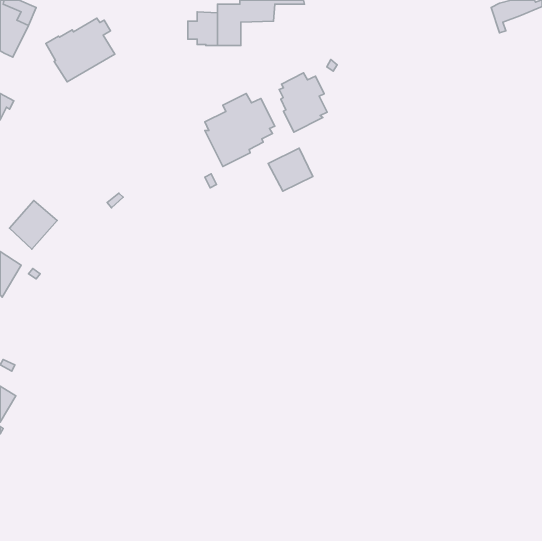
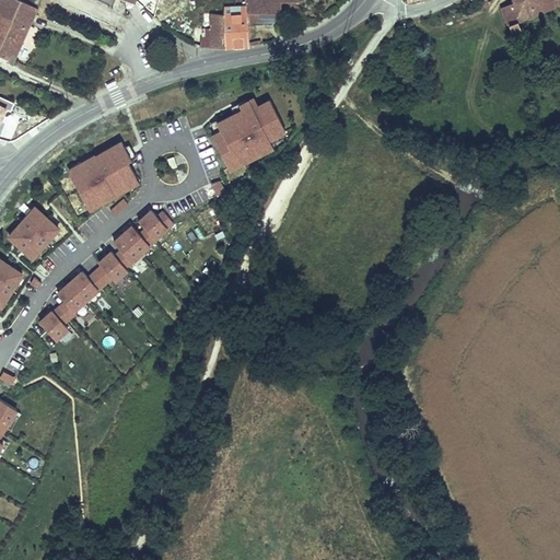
building: [46,18,115,82] -> [68,144,139,210]
building: [279,73,327,132] -> none
building: [268,148,313,191] -> none
building: none -> [40,210,174,338]

